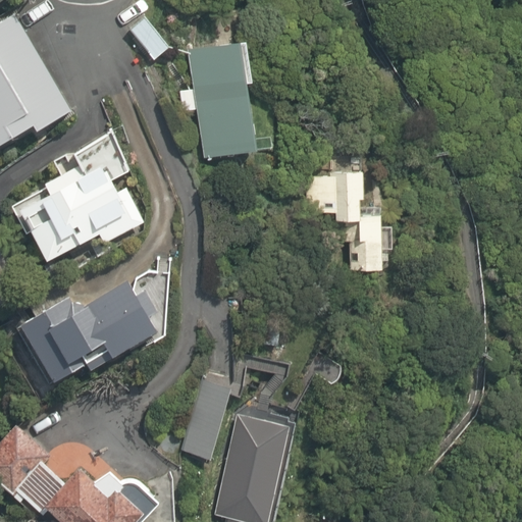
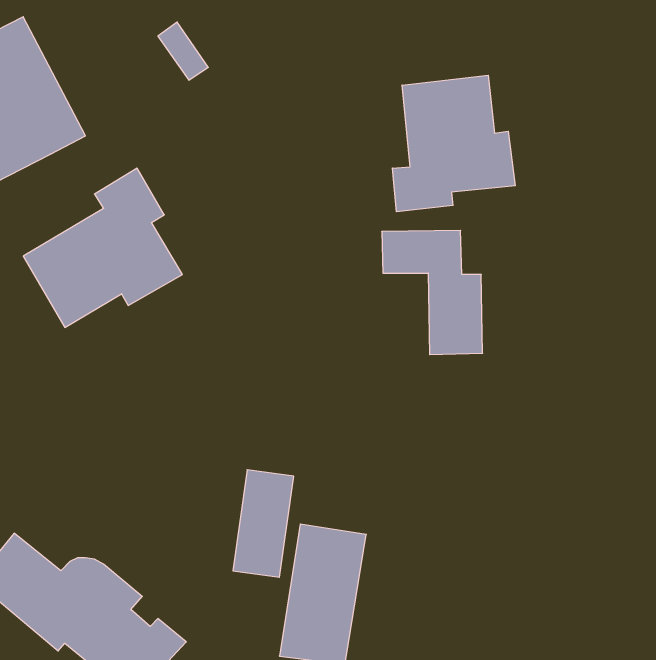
building: [189,43,255,159] -> none
building: none -> [392,75,515,212]
building: [21,274,170,383] -> none

